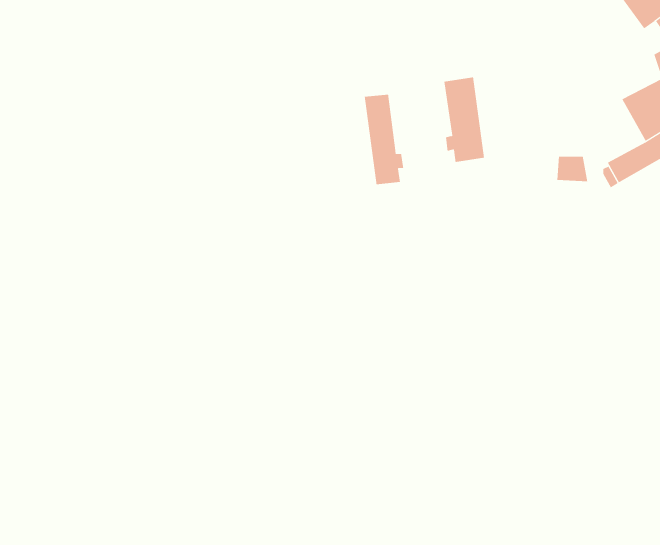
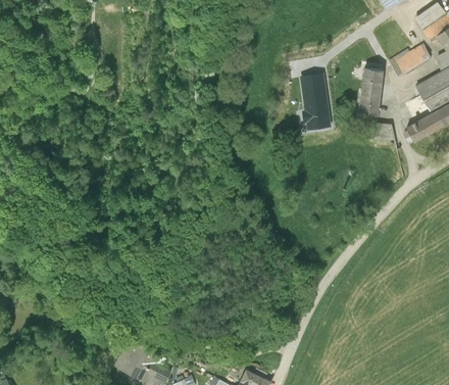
building: none -> [390,43,432,75]
building: none -> [360,69,383,114]
building: [364,94,404,185] -> none

